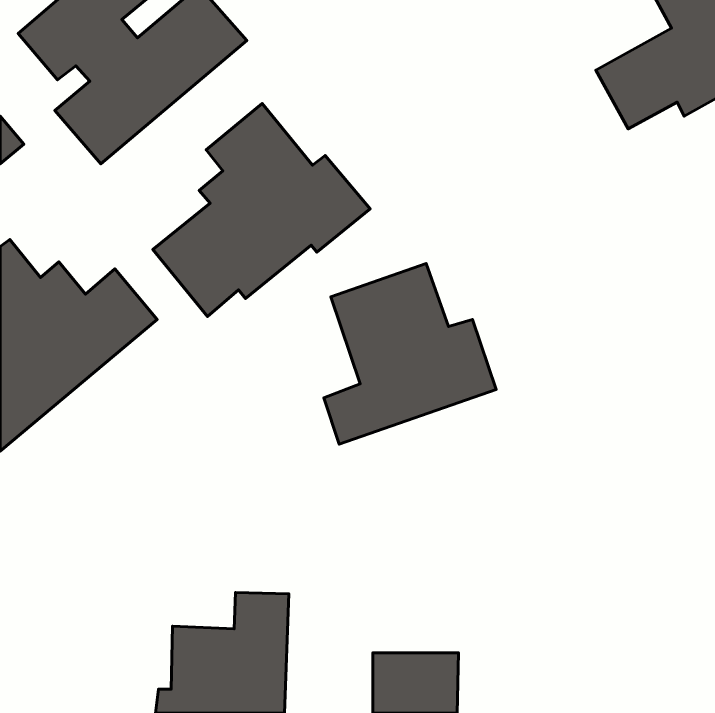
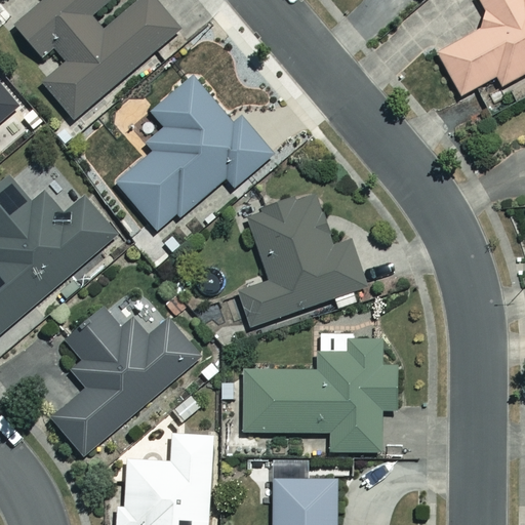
building: none -> [51,307,199,454]
building: none -> [242,336,396,449]

